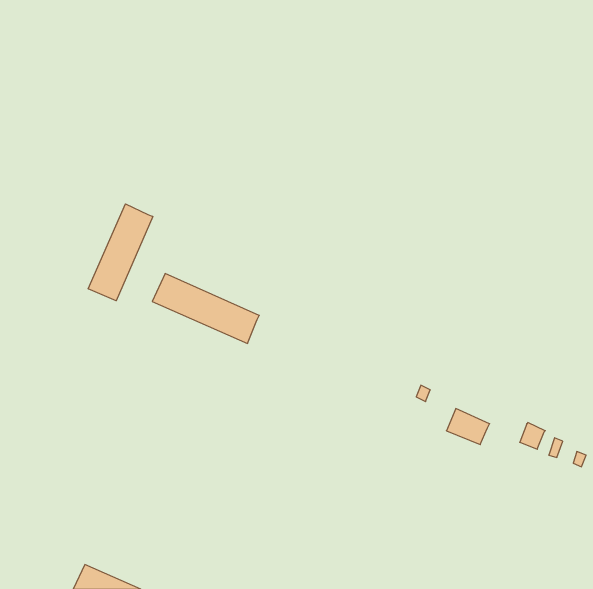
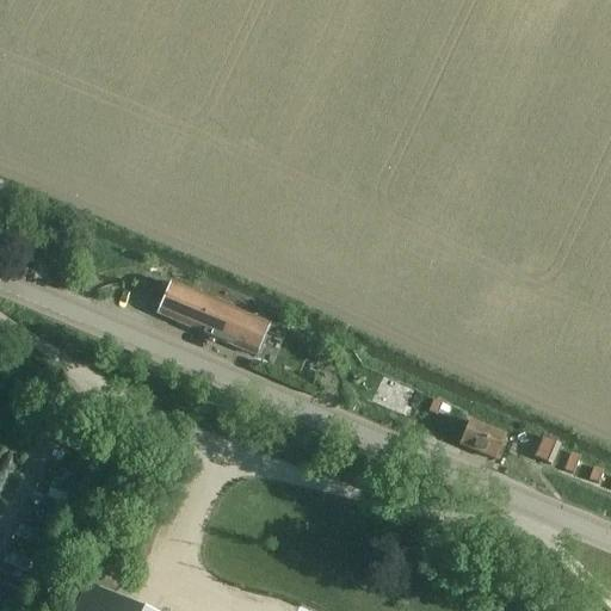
building: [88,204,153,301] -> none

